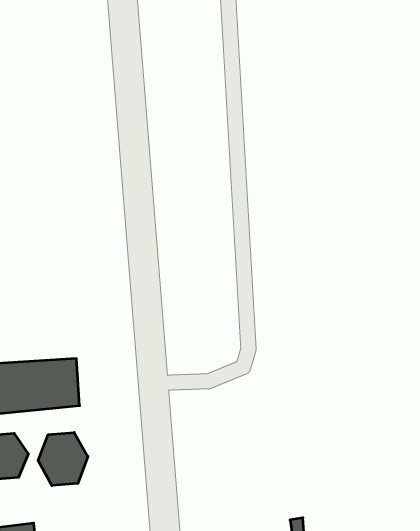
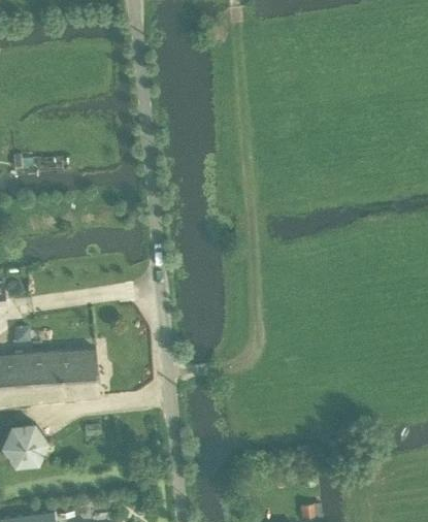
building: [38,432,88,486] -> none

